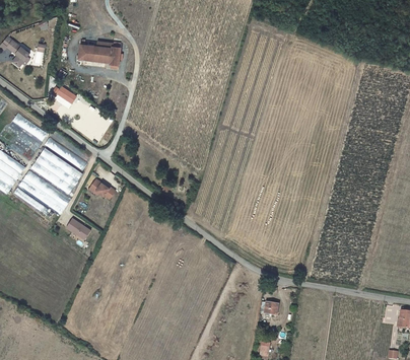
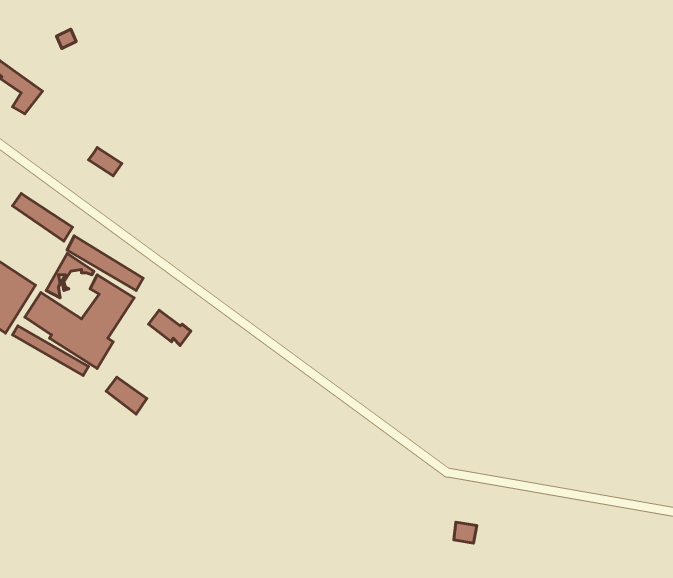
building: [77,43,119,65] -> none

